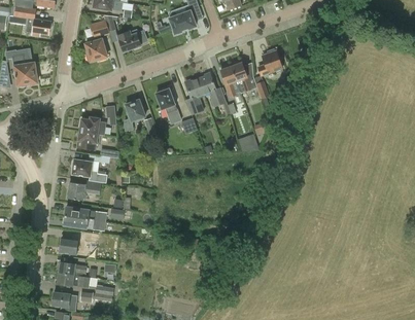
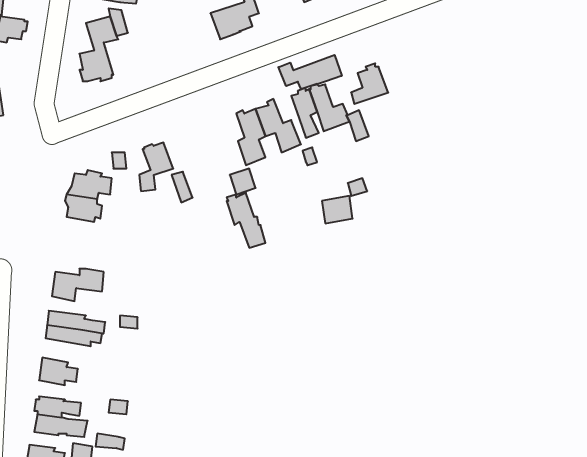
building: [117,29,148,51] -> none
building: none -> [278,55,342,89]
building: [157,88,181,123] -> [227,193,265,248]
building: [73,153,110,183] -> none

